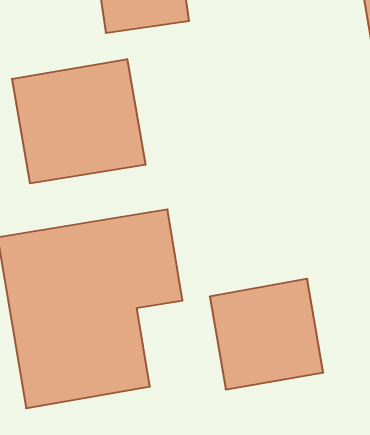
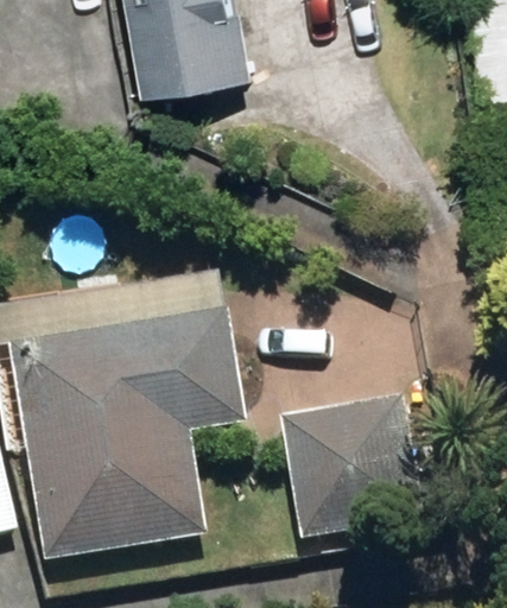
building: [12,59,145,183] -> none

